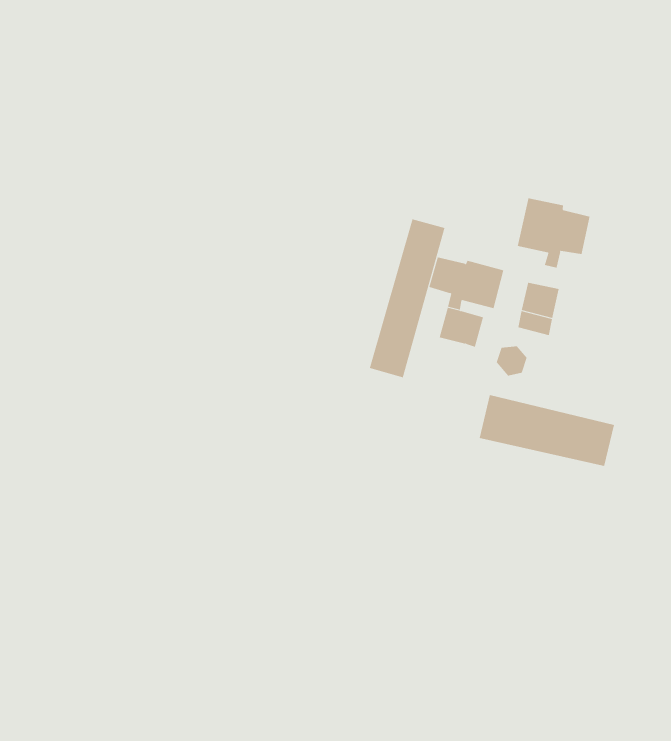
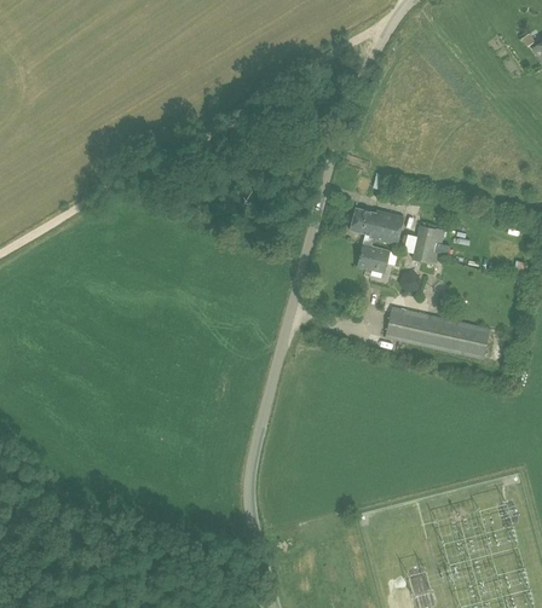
building: [517,197,590,268] -> none
building: [369,218,445,378] -> none

